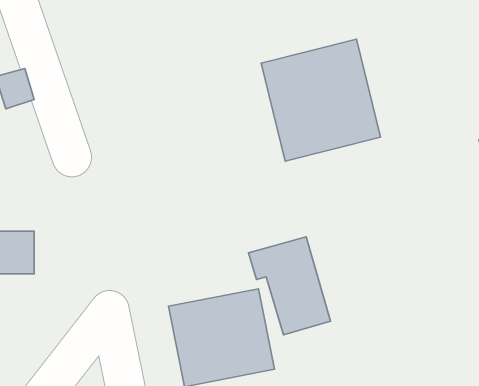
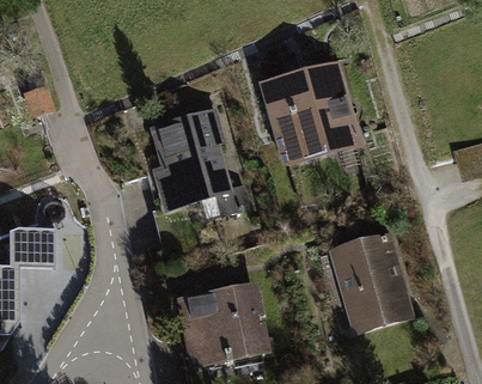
building: none -> [147,106,233,212]
building: [249,237,330,335] -> [335,237,408,324]

